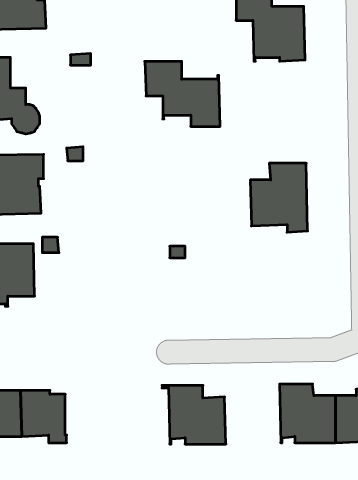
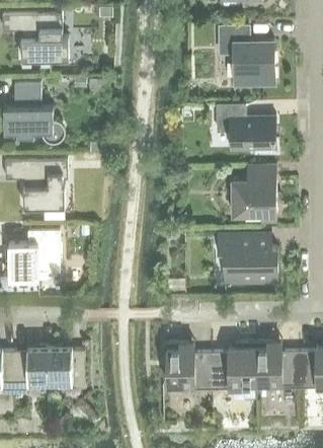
building: [145,61,220,126] -> [216,105,275,157]
building: none -> [218,234,277,284]
building: none -> [211,343,255,390]

